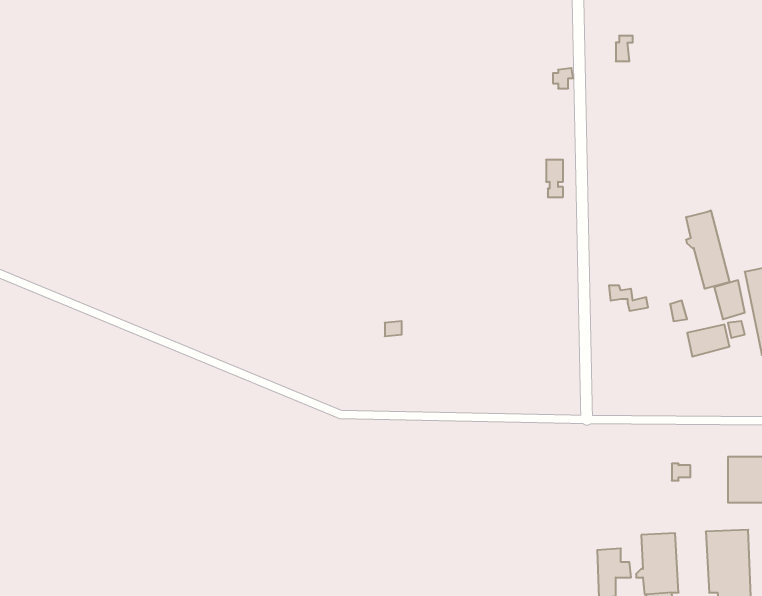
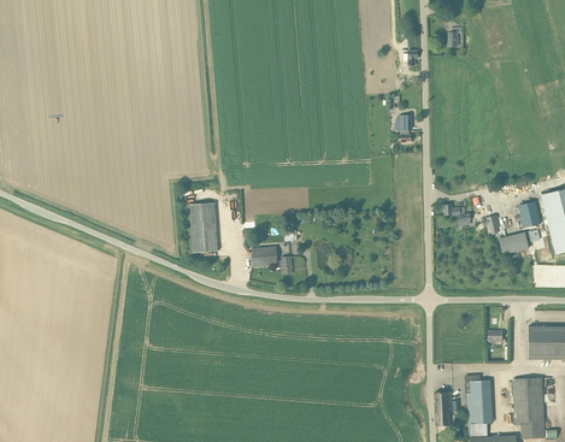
building: [686,210,729,289] -> none
building: none -> [190,201,218,252]
building: none -> [252,246,292,272]

